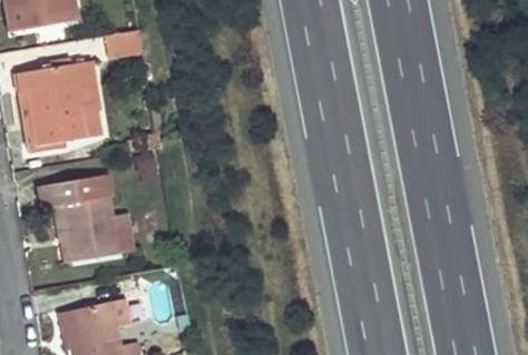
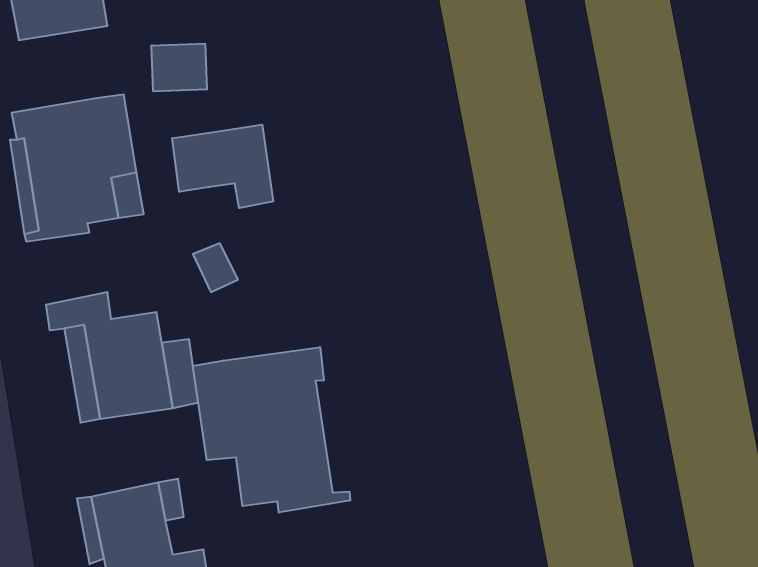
building: none -> [172,125,273,208]
building: none -> [193,347,350,513]

